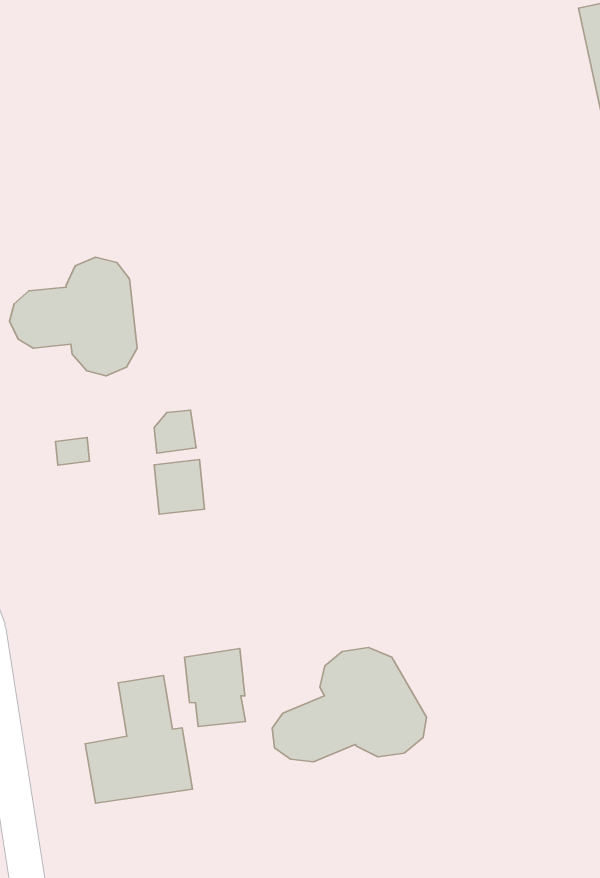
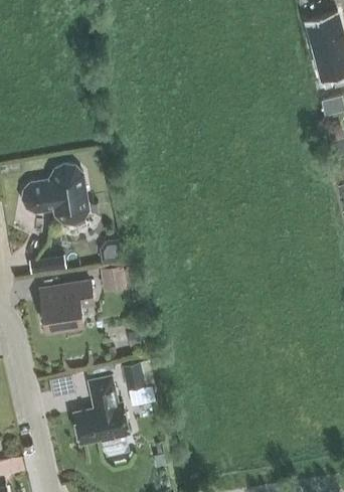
building: none -> [40,282,94,333]
building: [272,648,426,762] -> none

